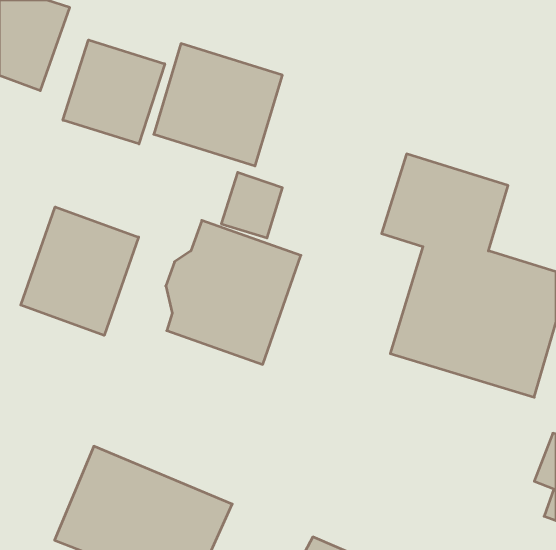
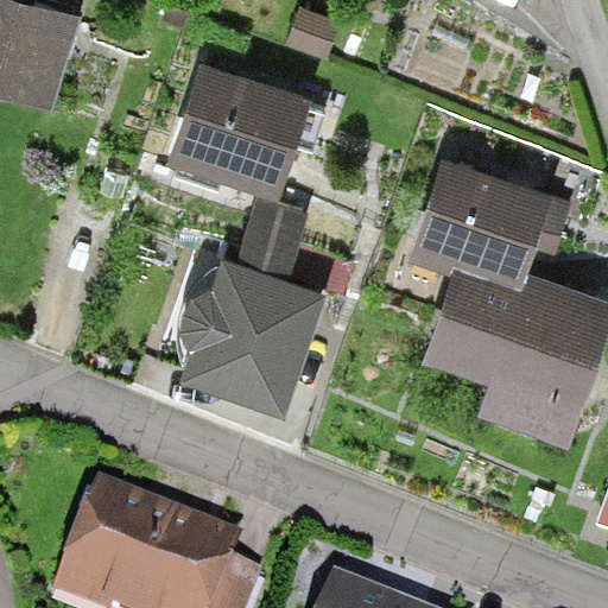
building: [63,40,165,144] -> none
building: [21,207,139,335] -> none

